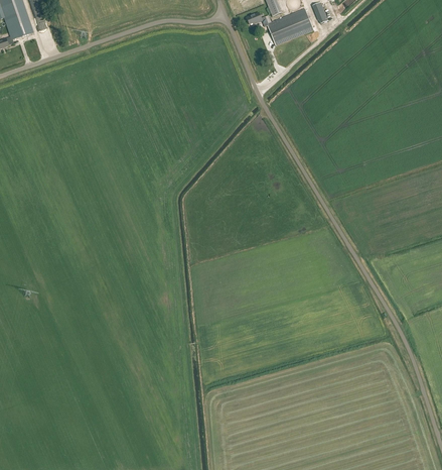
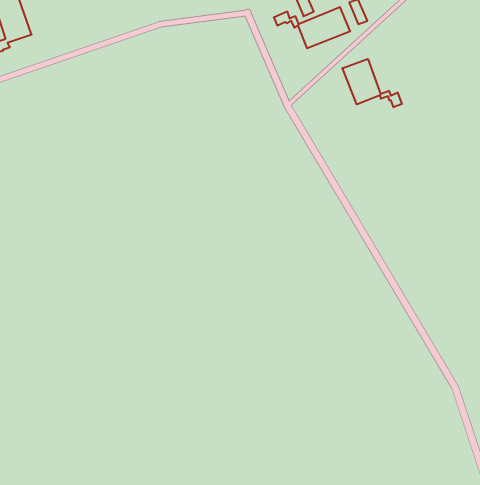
building: none -> [342,59,402,107]

